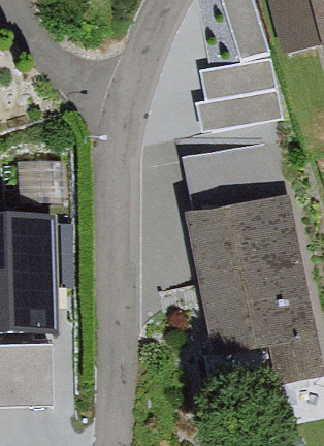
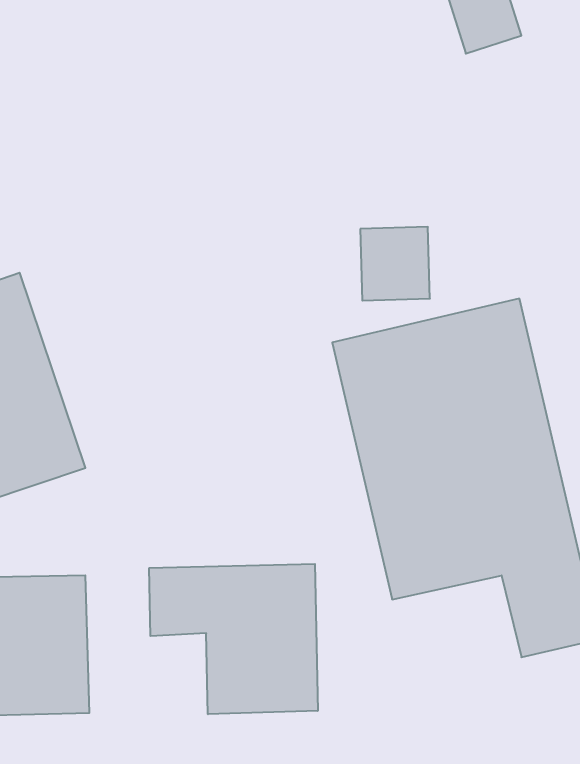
building: [206,64,271,129] -> none
building: none -> [149,564,318,714]

